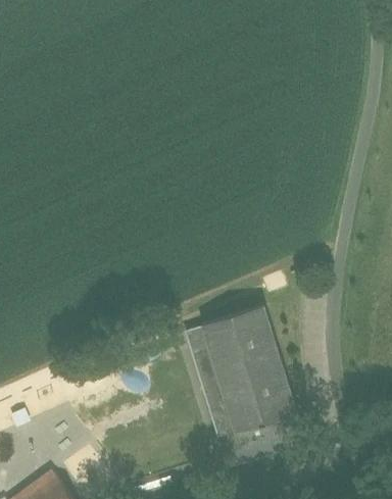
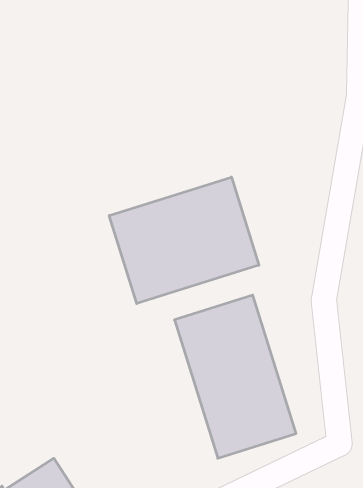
building: none -> [109,177,259,304]

